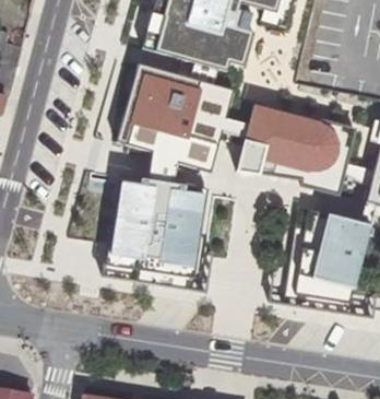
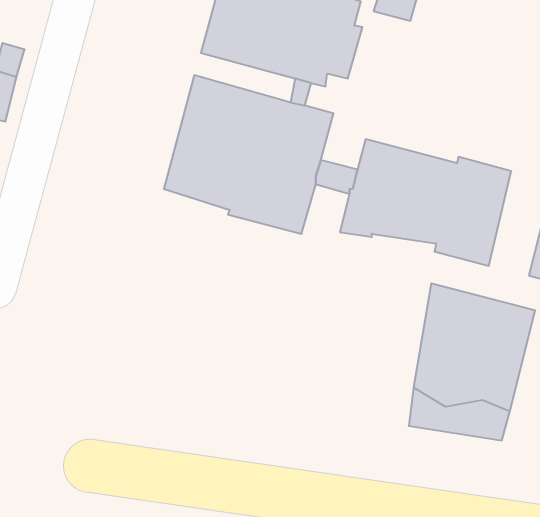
building: [105,175,210,277] -> none

